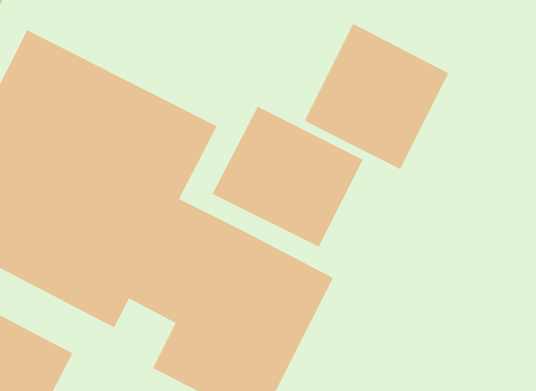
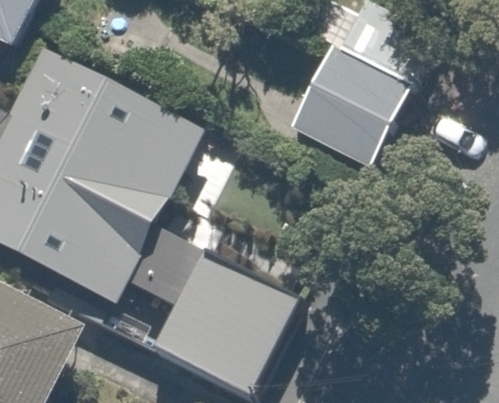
building: [212,106,363,247] -> none

